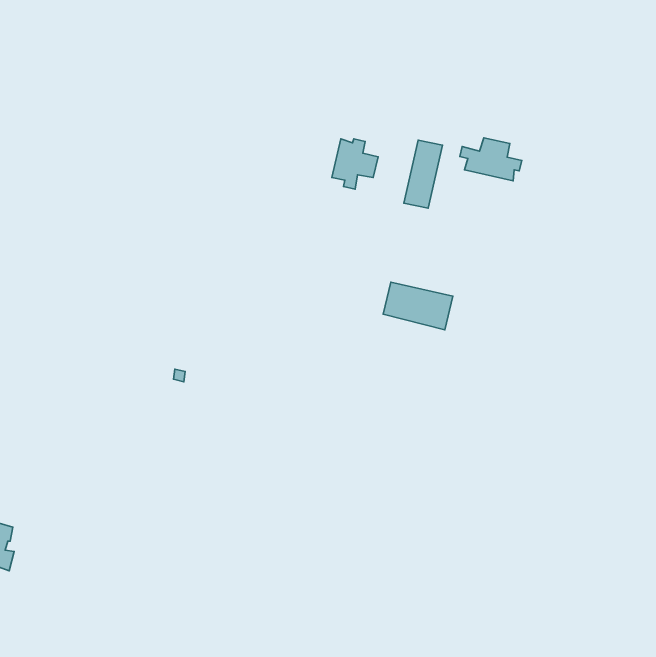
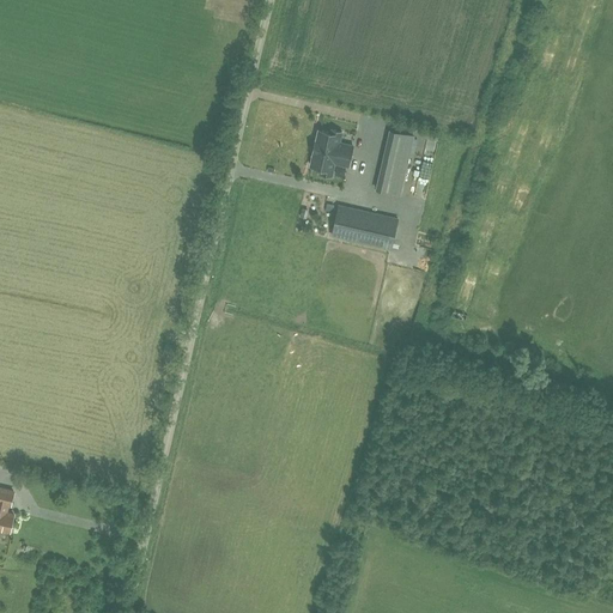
building: [460,138,522,181] -> none
building: [383,282,453,330] -> [332,205,396,249]

